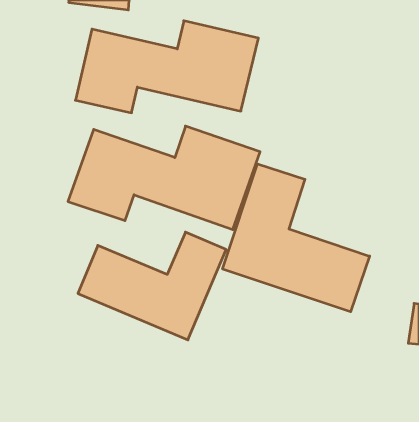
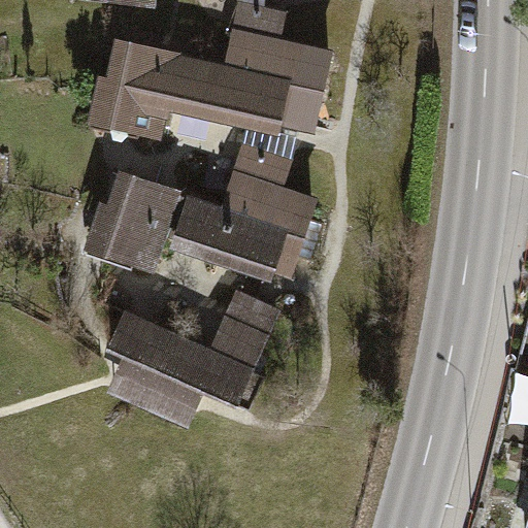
building: [223,164,370,312] -> none

